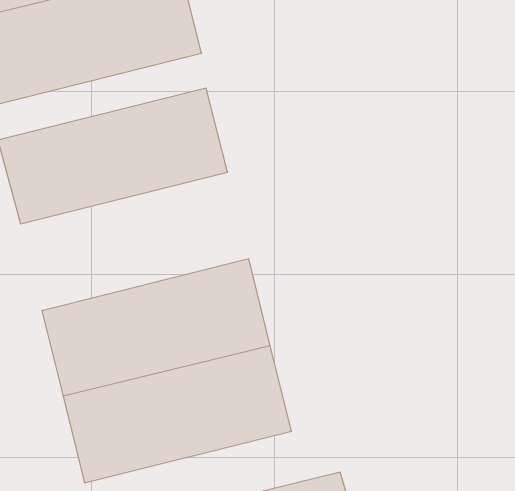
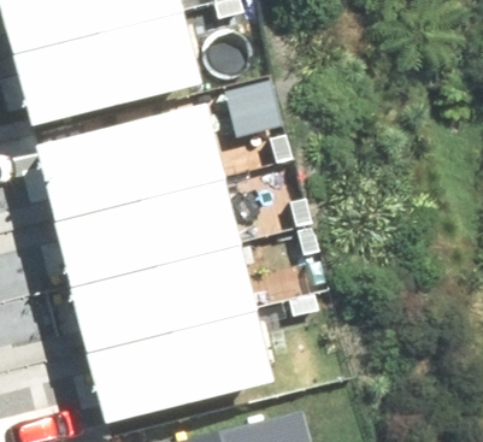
building: none -> [53,175,234,284]

